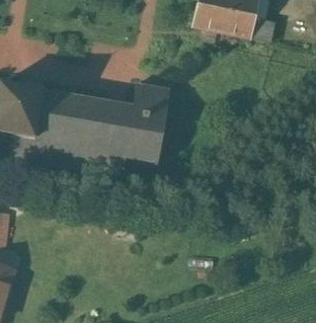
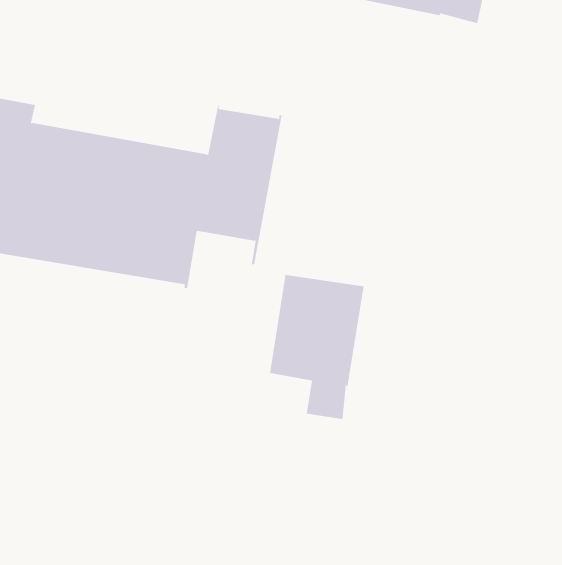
building: none -> [270,274,364,420]

